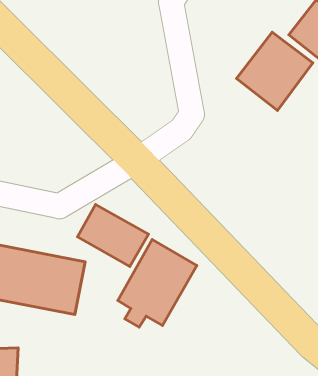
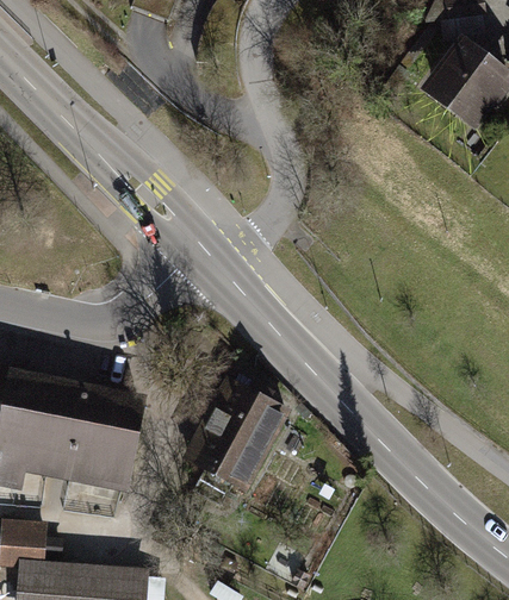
building: [236,32,313,110] -> none
building: [78,205,149,267] -> none

